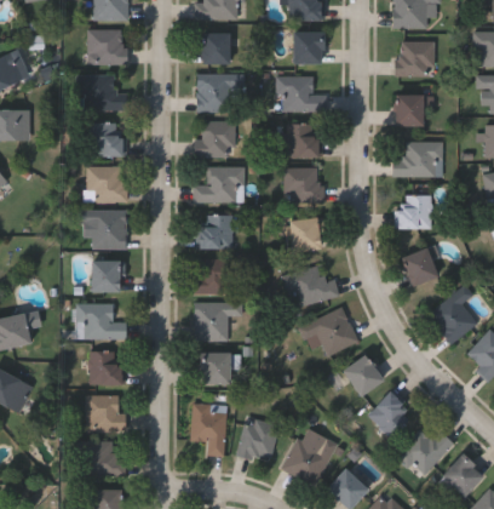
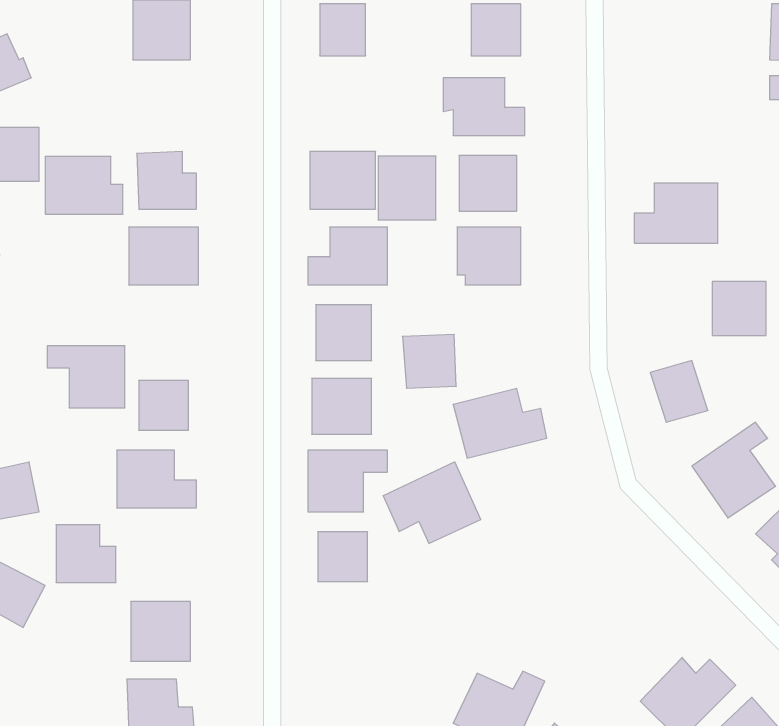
building: [395,40,433,76] -> none
building: [196,74,231,113] -> [378,156,436,220]
building: [79,75,126,110] -> [45,156,123,214]
building: [394,95,433,125] -> none
building: [398,195,431,228] -> [712,282,766,335]
building: [79,211,126,248] -> [47,346,125,408]
building: [289,218,322,251] -> [402,334,456,388]
building: [299,307,358,356] -> [383,462,481,544]
building: [88,350,125,385] -> [56,525,116,582]
building: [341,354,384,396] -> none
building: [368,391,414,439] -> none
building: [190,405,225,456] -> none
building: [237,419,278,462] -> none

